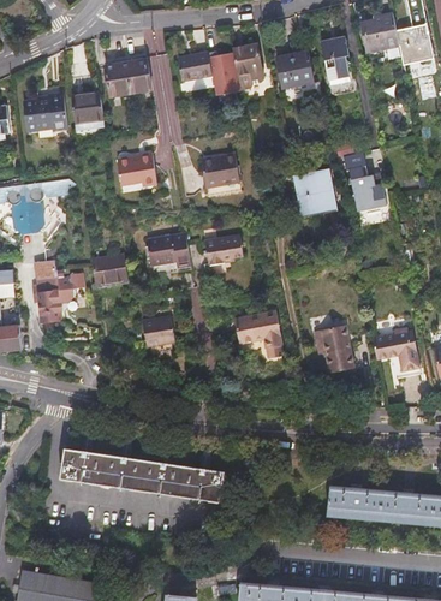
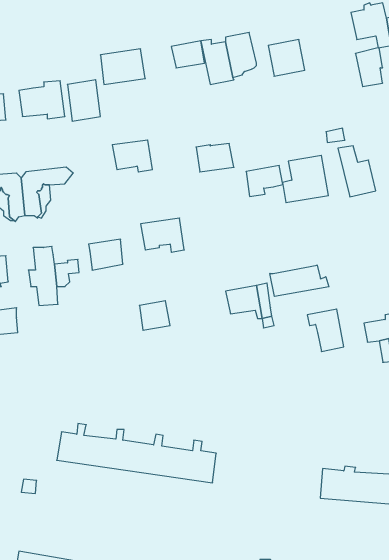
building: [320,36,347,76] -> [355,48,383,87]
building: [205,234,243,266] -> [246,166,283,196]
building: none -> [270,265,329,296]

